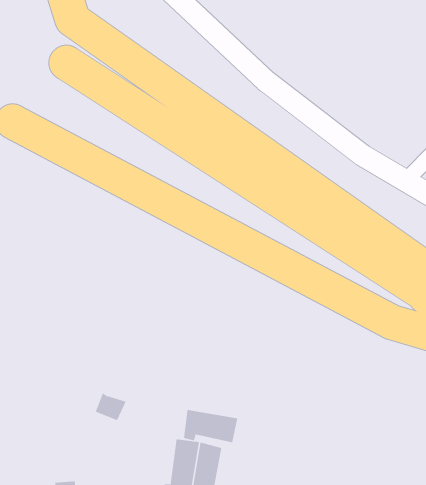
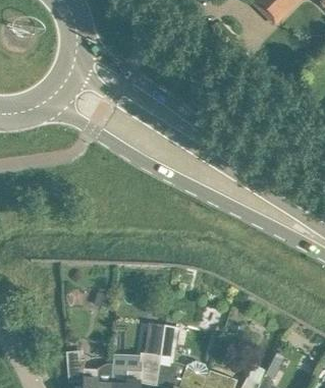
building: [183,409,238,443] -> none

